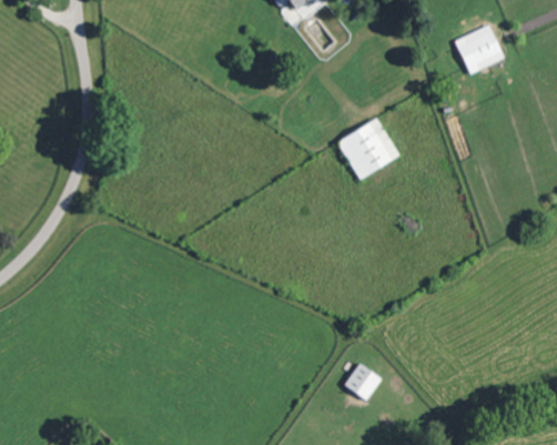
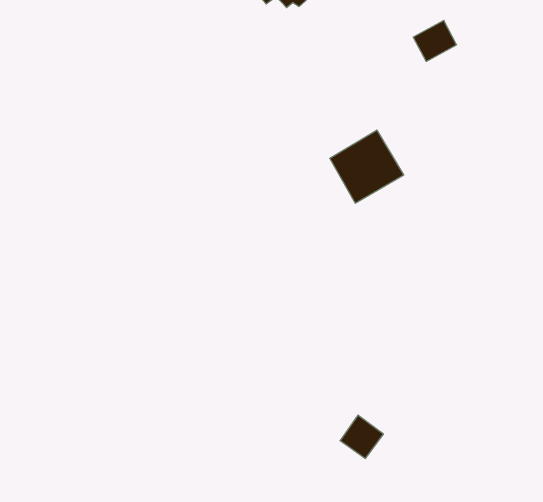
building: [465,30,503,65] -> [413,20,457,61]

